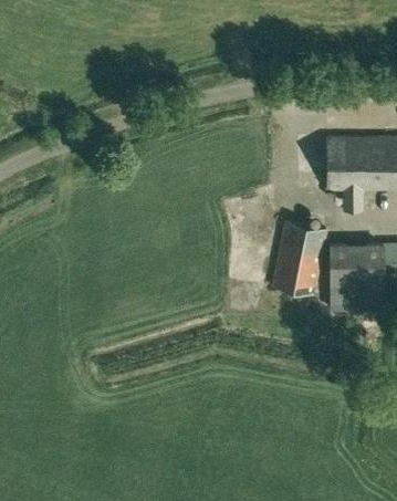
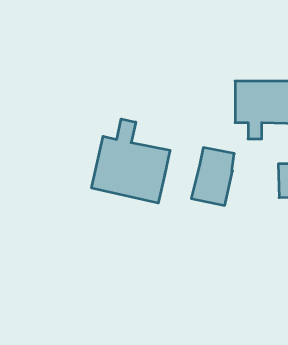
building: none -> [92,119,170,203]
building: [327,242,385,311] -> none

